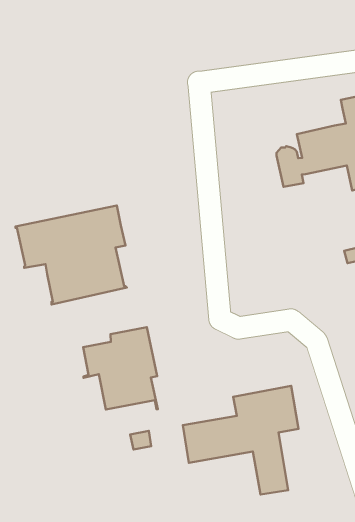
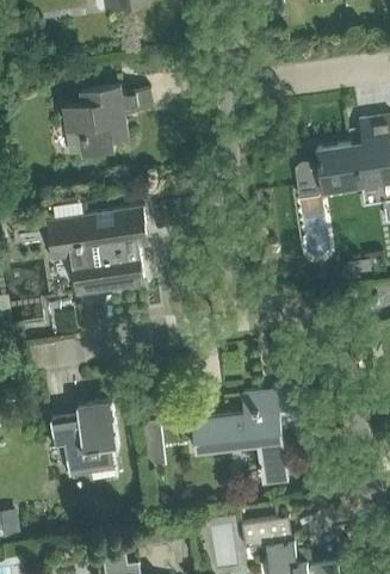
building: none -> [62,85,151,156]
building: [83,327,158,409] -> [48,402,117,480]

